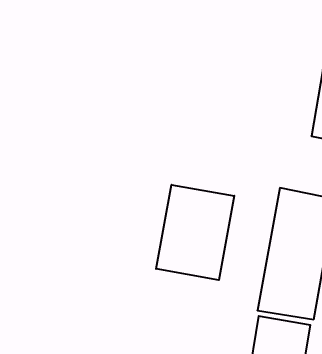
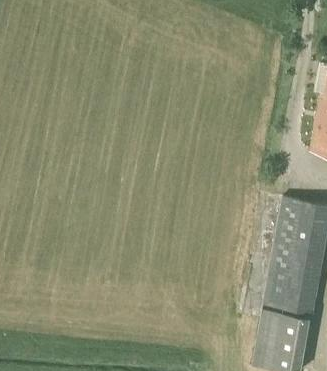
building: [156,185,234,280] -> none

